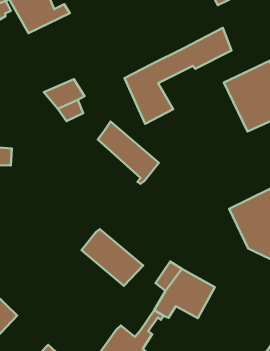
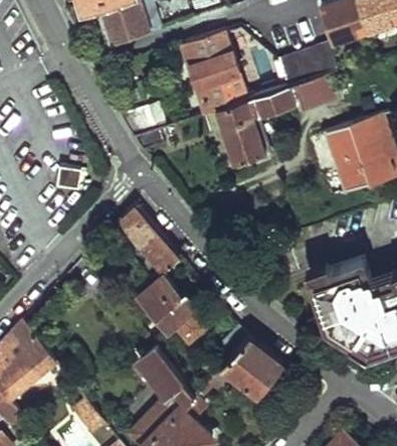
building: none -> [277,44,335,87]
building: none -> [183,31,247,113]
building: [98,122,159,184] -> [117,205,182,281]
building: none -> [138,346,192,406]

